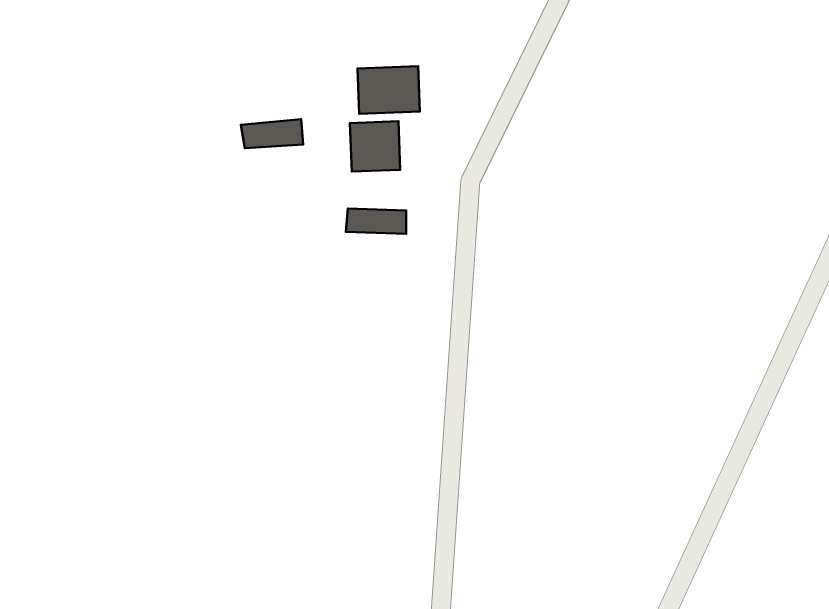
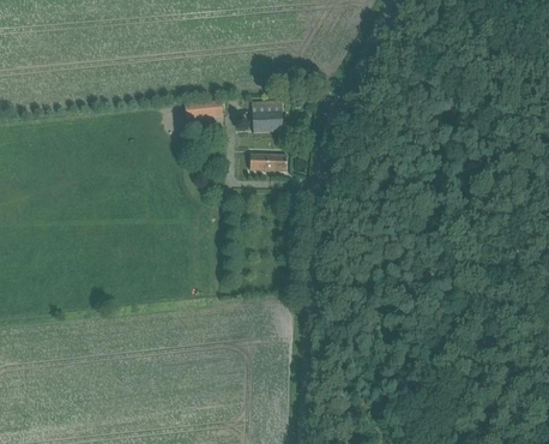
building: [357,66,420,114] -> none

